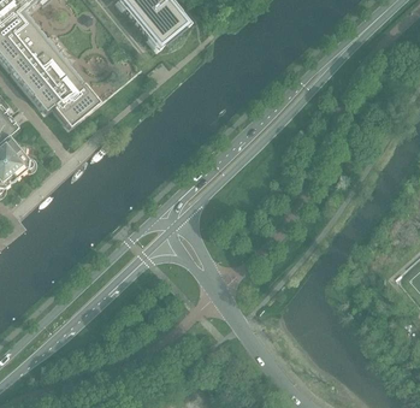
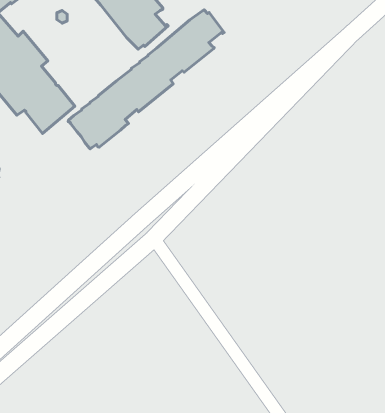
building: none -> [68,10,224,149]

